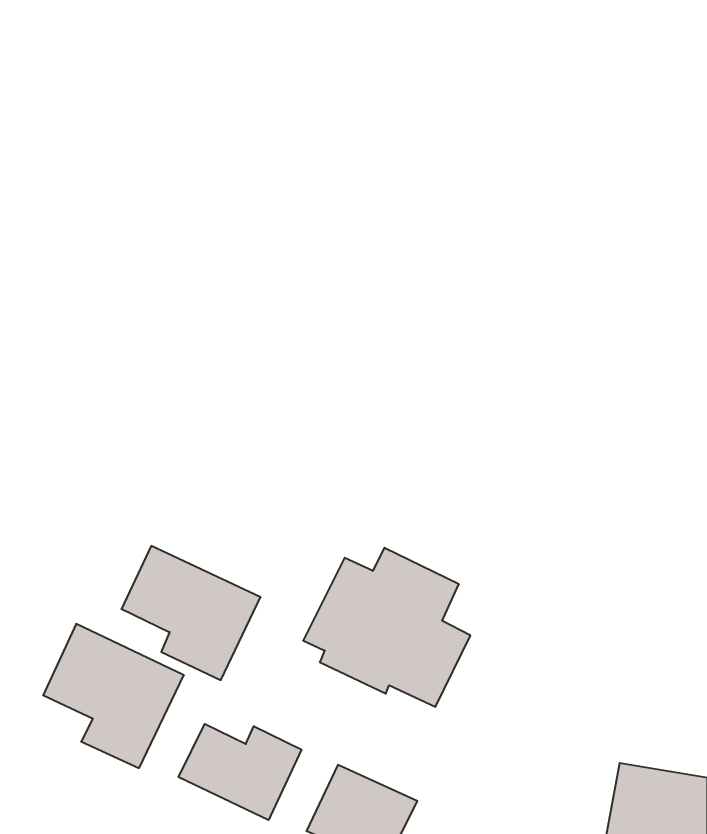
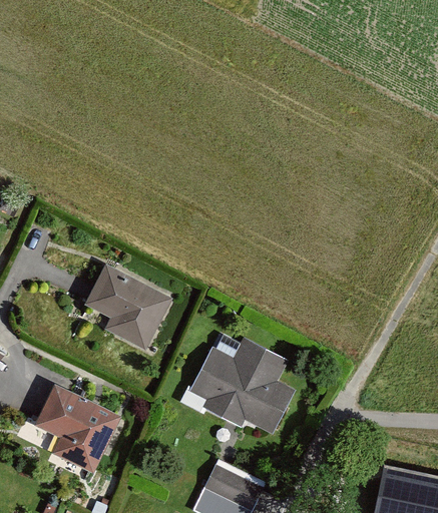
building: [121,546,261,680] -> [86,268,170,349]
building: [179,724,302,820] -> none

